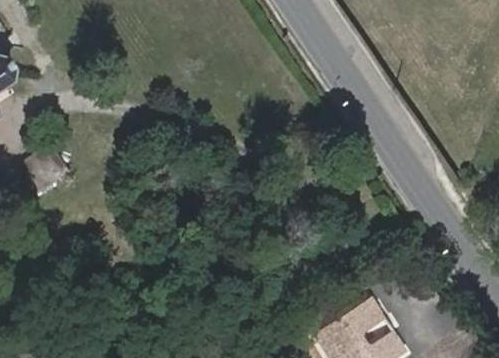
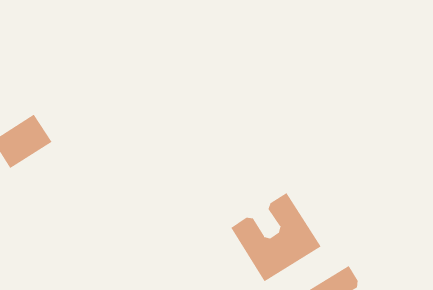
building: none -> [231,192,322,282]

